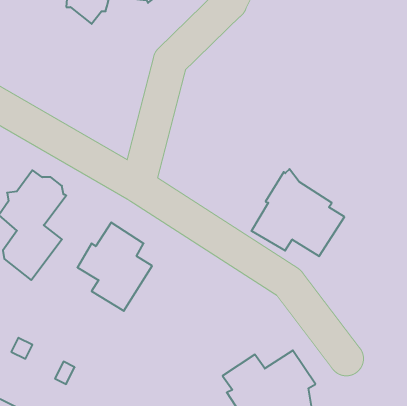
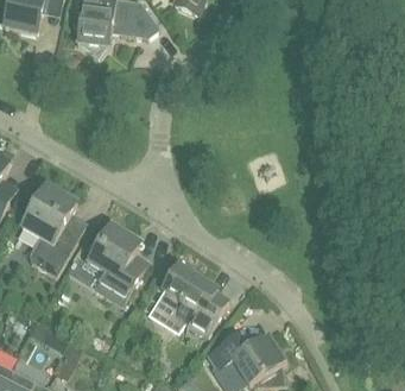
building: [251,169,344,256] -> [151,261,229,335]

